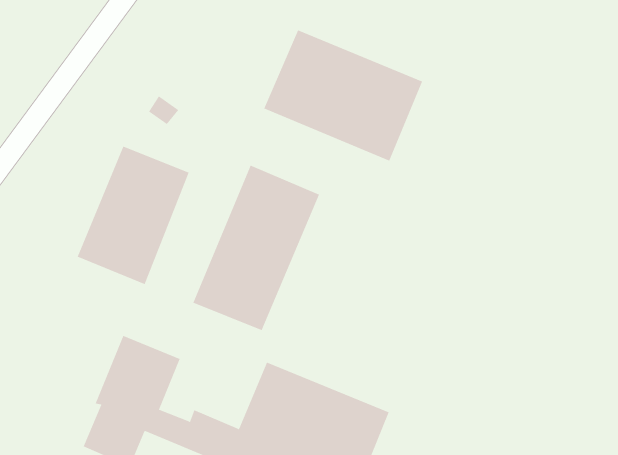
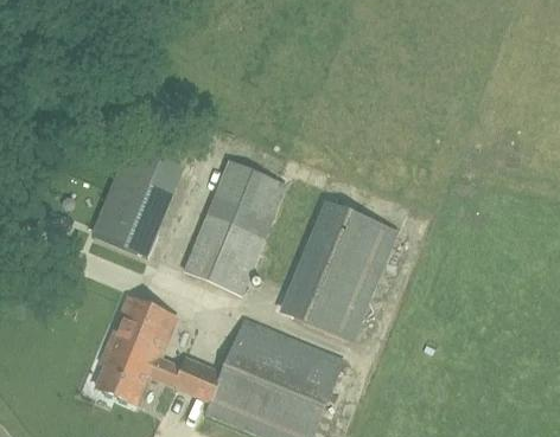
building: [264,29,423,162] -> none
building: none -> [293,207,396,340]

